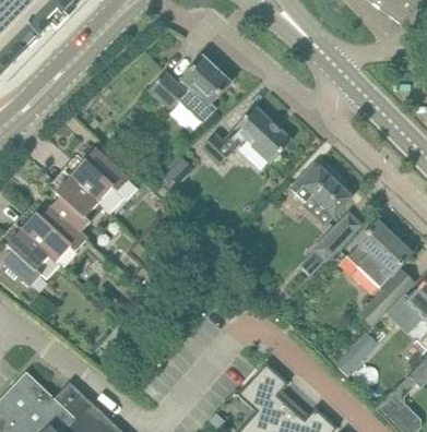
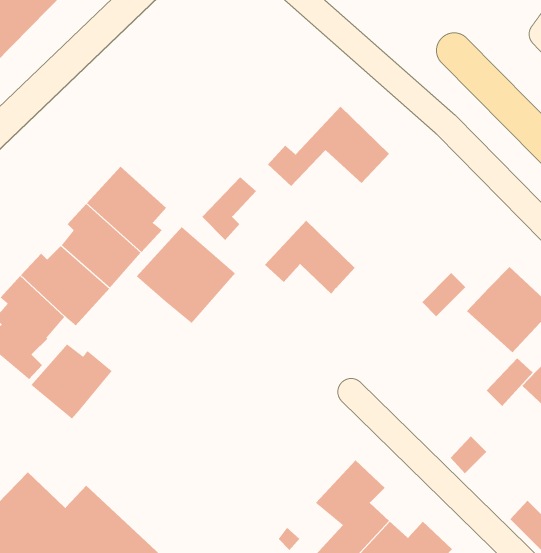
building: [150,56,229,120] -> none
building: [284,161,351,216] -> [264,220,356,295]
building: none -> [136,226,236,324]
building: none -> [30,343,112,420]

